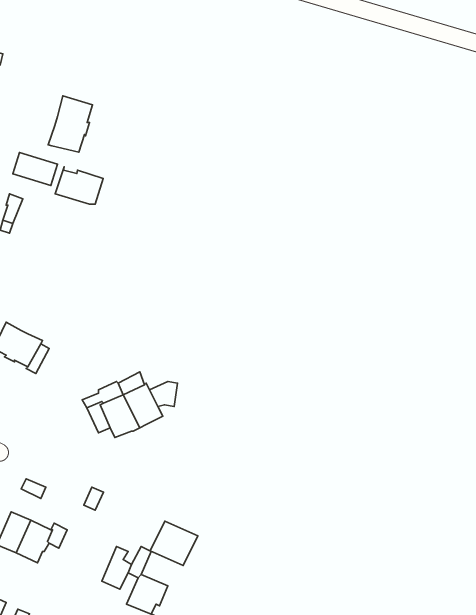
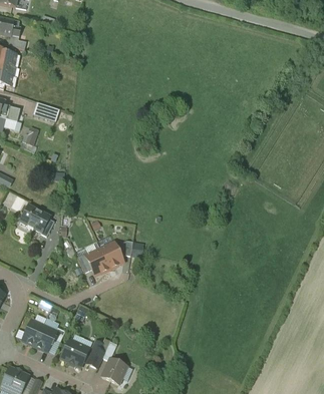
building: [48,96,93,152] -> none
building: [55,167,103,204] -> none
building: [150,521,198,566] -> [60,339,89,366]

